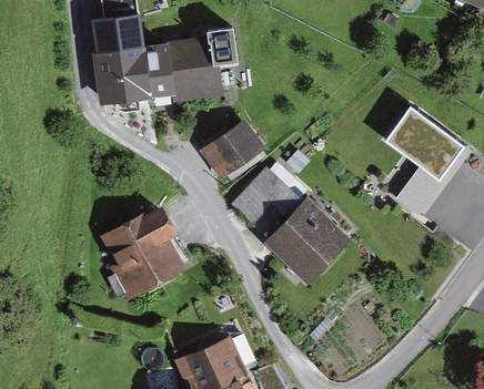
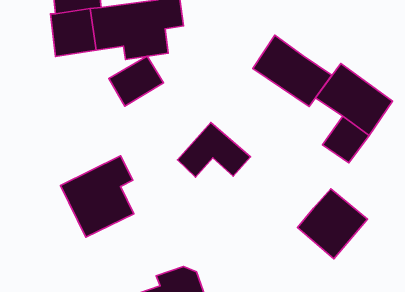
building: none -> [253,35,332,106]
building: [201,122,261,176] -> [109,56,164,106]
building: [273,206,350,283] -> [297,189,367,259]

